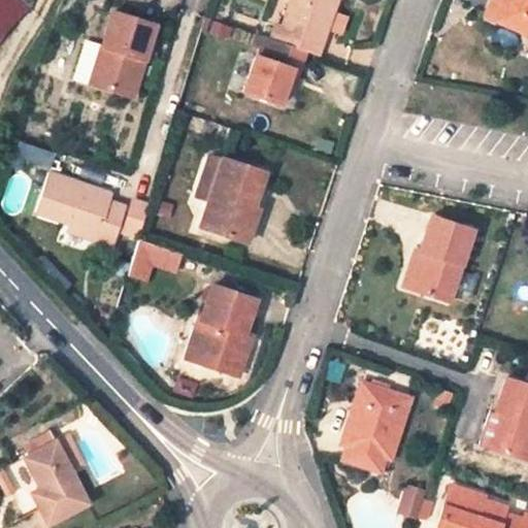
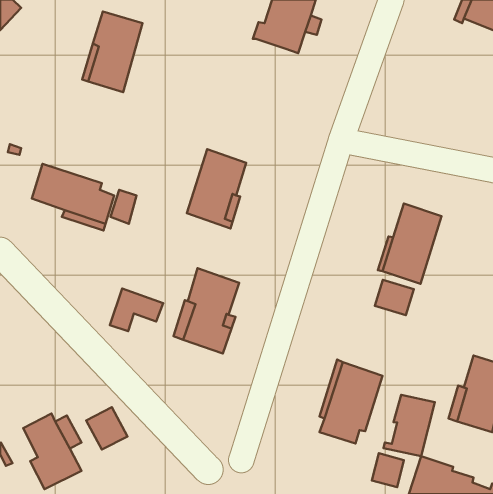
building: [243,41,305,105] -> none
building: [126,238,183,284] -> [110,288,163,331]
building: none -> [375,280,414,315]
building: none -> [383,395,435,456]
building: none -> [86,407,127,450]

